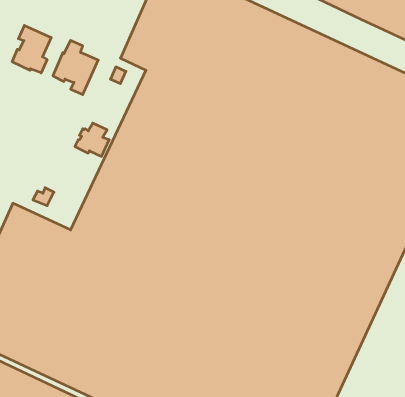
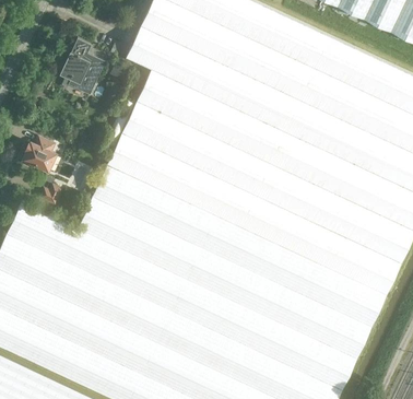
building: [12,25,51,73] -> none
building: [75,123,109,156] -> [22,138,56,171]

